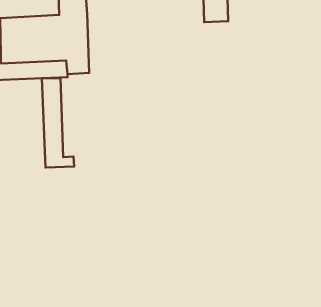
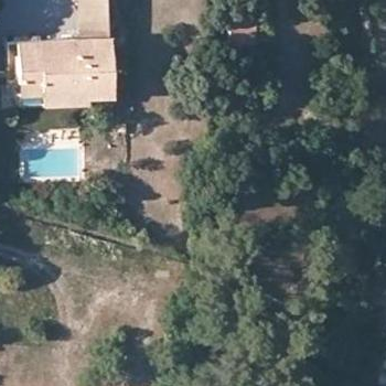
building: [42,78,74,168] -> none

